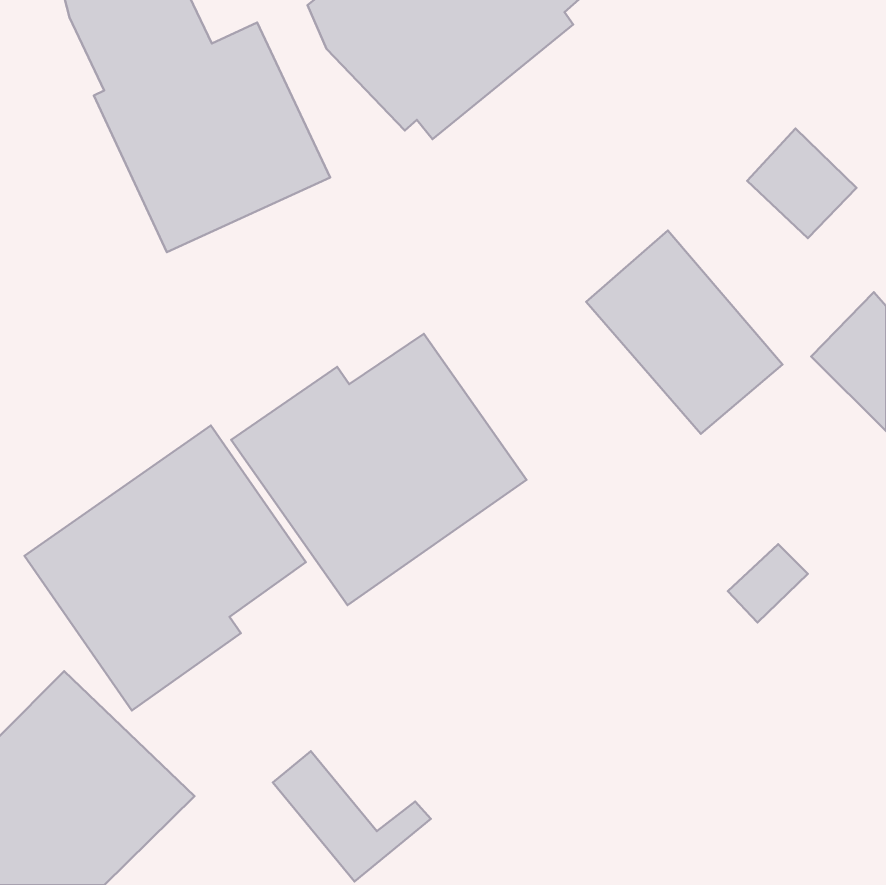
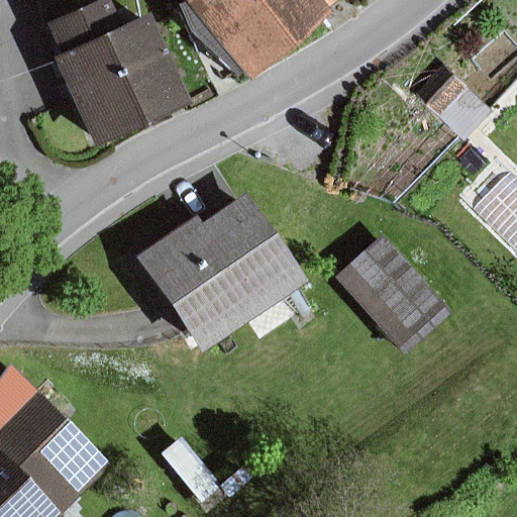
building: [586,231,782,434] -> [335,234,449,352]
building: [25,425,306,711] -> none

